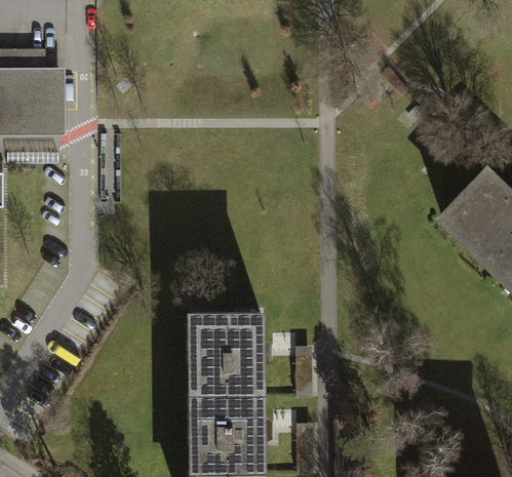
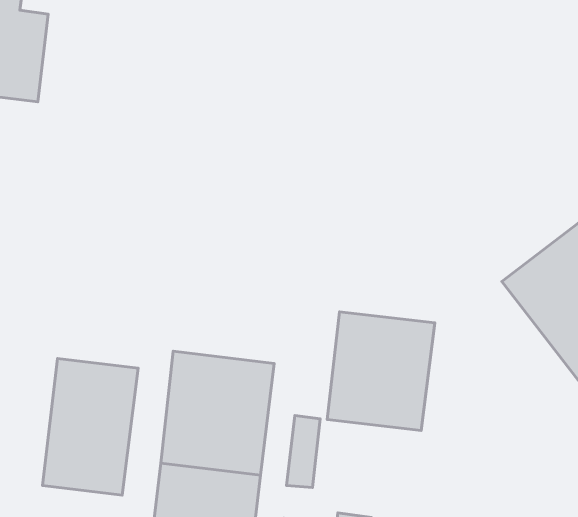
building: none -> [327,312,435,430]
building: none -> [42,358,138,495]

